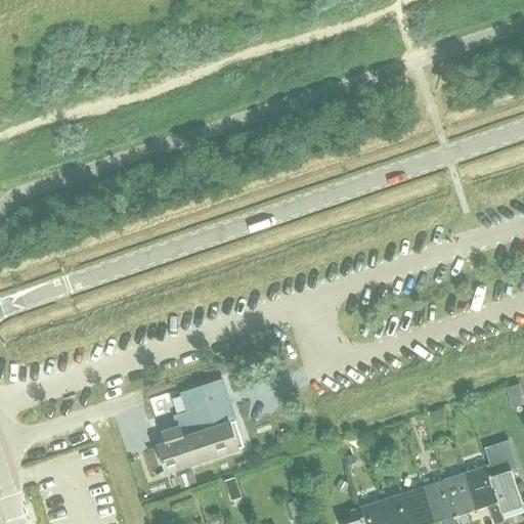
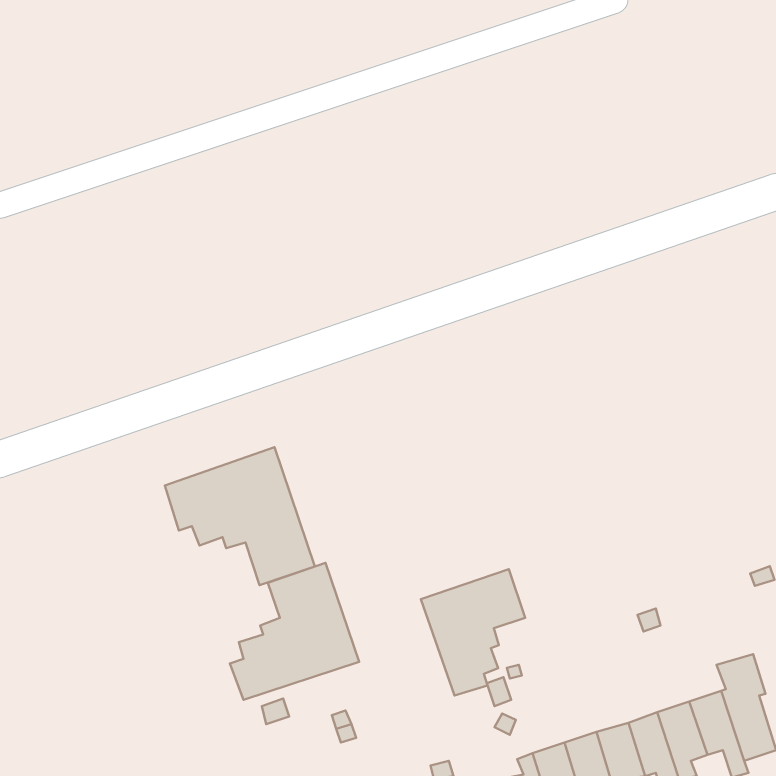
building: none -> [165,447,315,585]
building: none -> [421,569,525,696]

